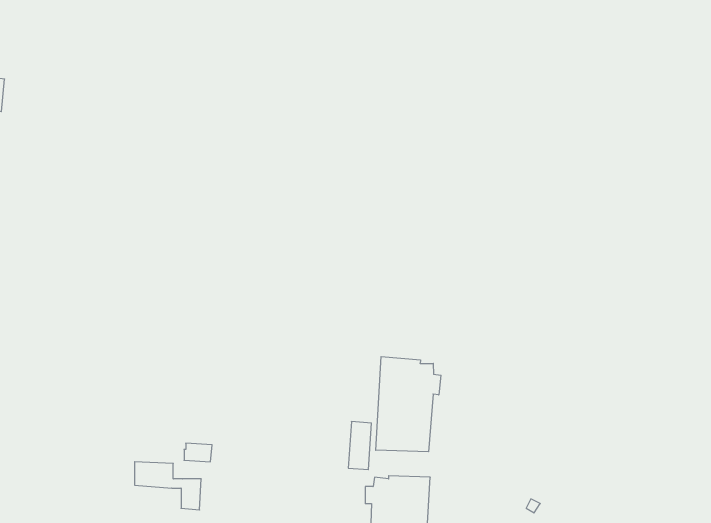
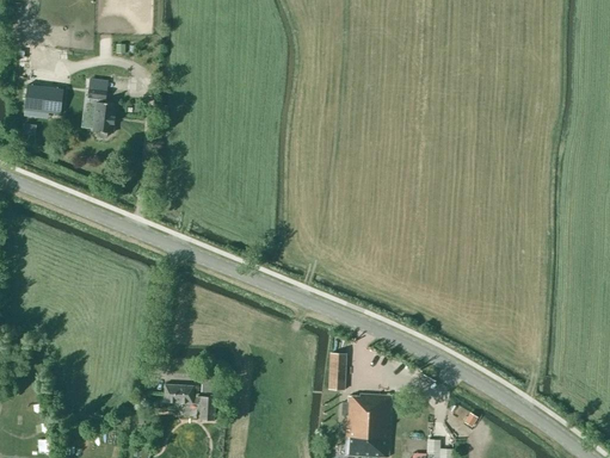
building: none -> [86,89,115,138]
building: [376,357,441,452] -> none

